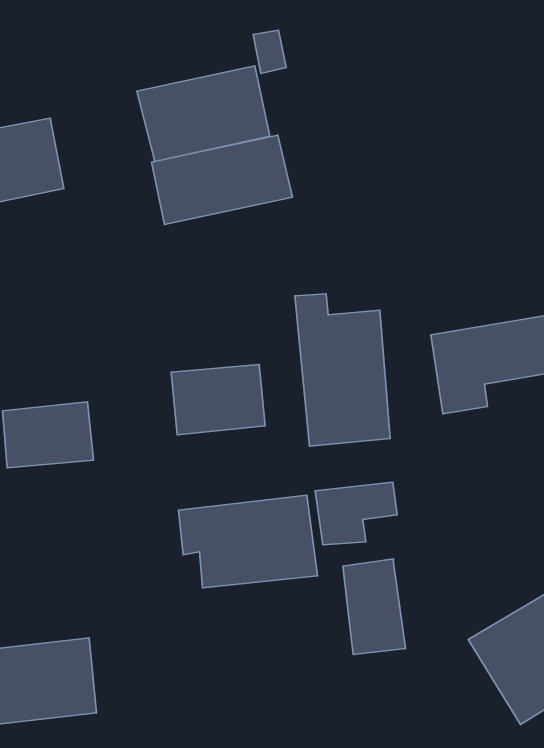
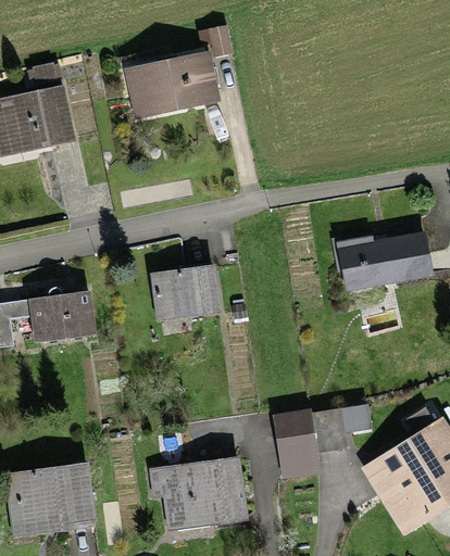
building: [151,135,292,225] -> none
building: [295,294,390,446] -> none
building: [315,482,397,545] -> [311,404,371,450]
building: [179,495,317,588] -> [143,459,245,527]

